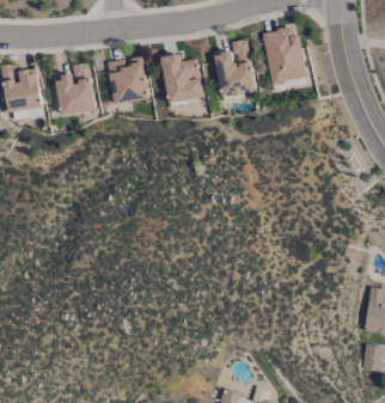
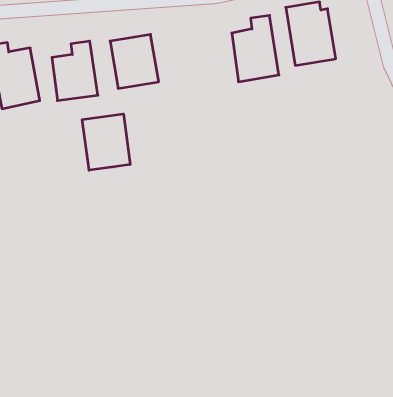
building: [161,54,203,103] -> none
building: none -> [82,114,130,170]

